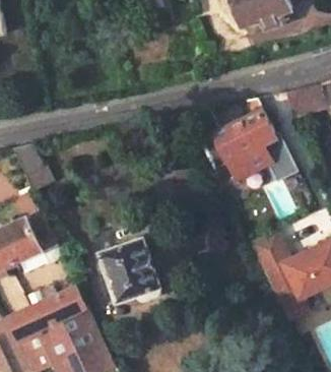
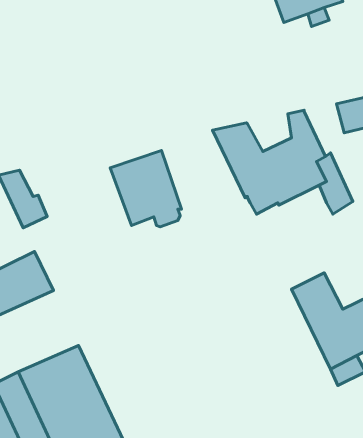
building: [102,239,159,301] -> [110,150,182,227]

